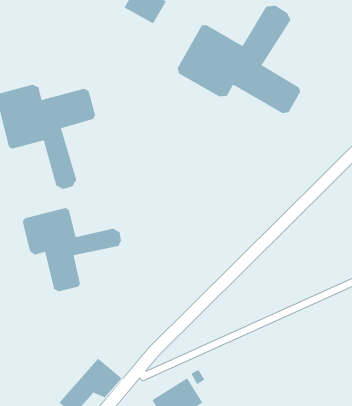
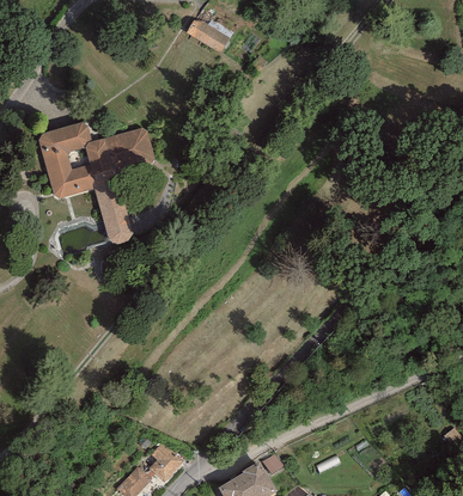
building: [177,5,301,114] -> none
building: [22,207,122,292] -> none

